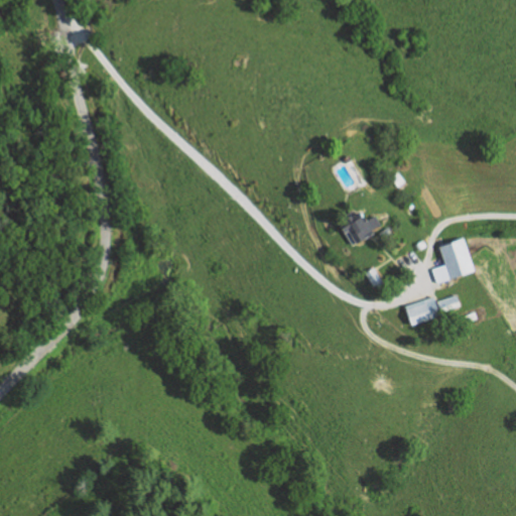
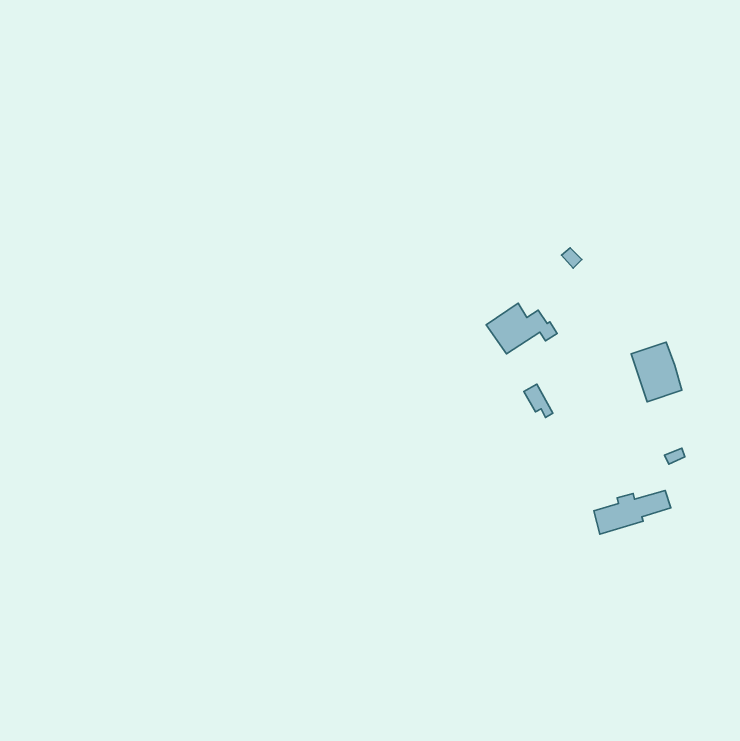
building: [405,294,459,325] -> [594,491,671,534]

